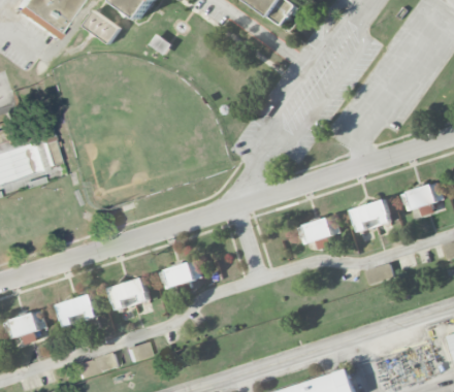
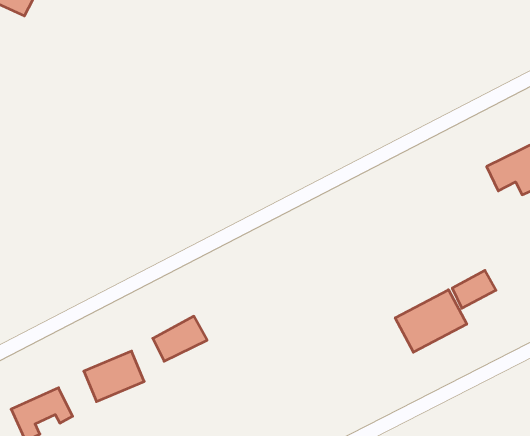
building: [351,201,389,231] -> none
building: [297,220,332,243] -> none
building: none -> [395,290,467,352]

